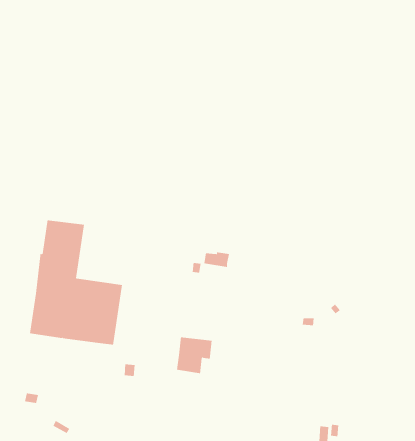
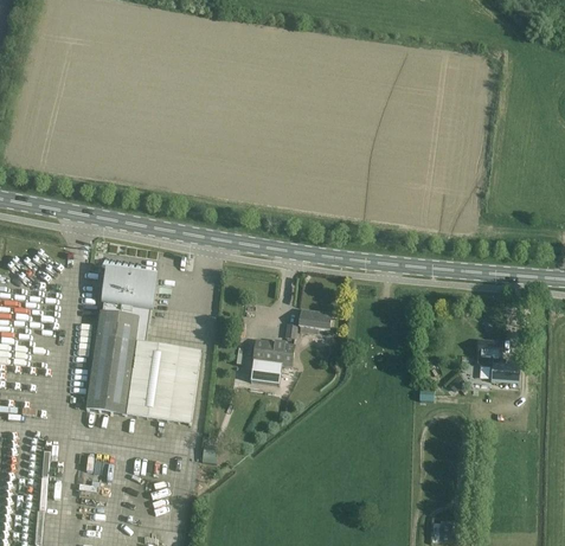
building: none -> [476,336,520,380]
building: [176,337,212,374] -> [250,336,294,381]

